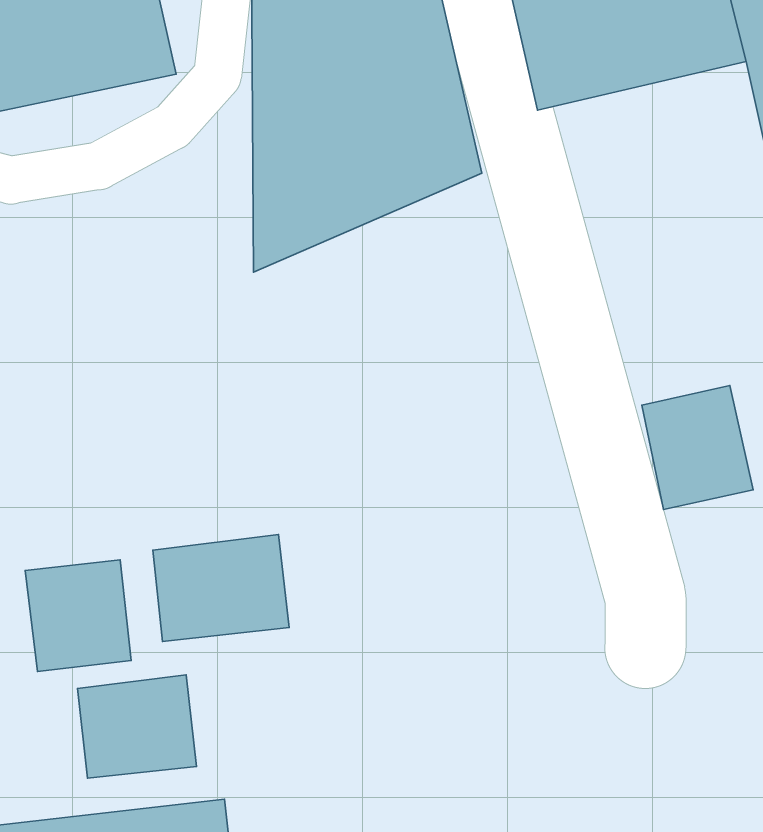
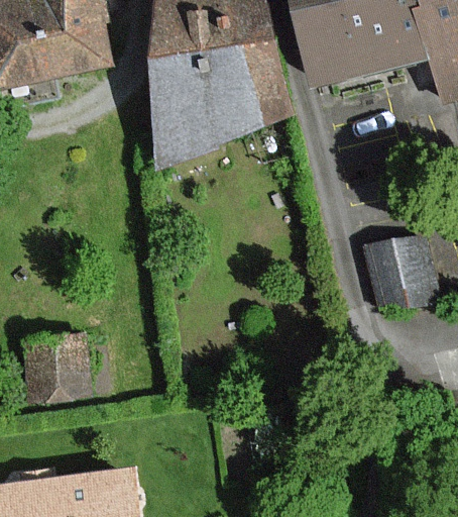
building: [153,534,289,641] -> none
building: [78,675,197,778] -> none

